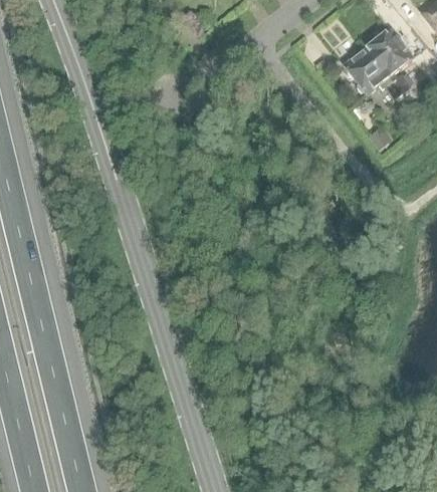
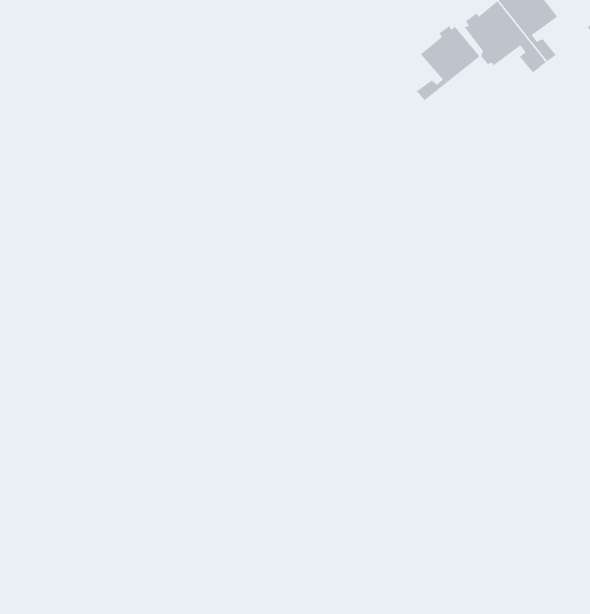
building: none -> [416,25,481,101]

